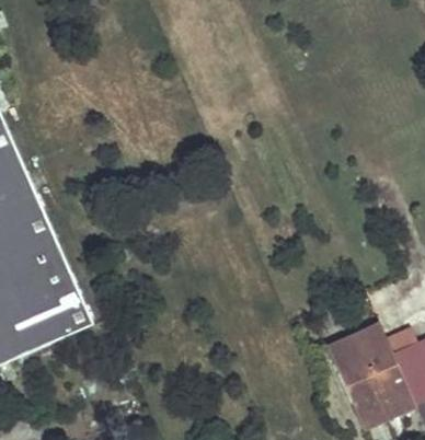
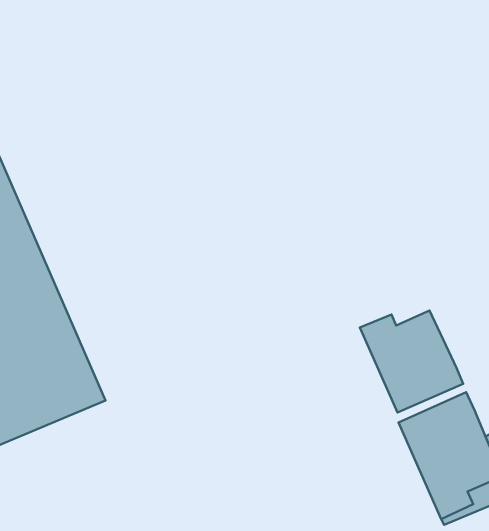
building: none -> [360,311,463,413]

